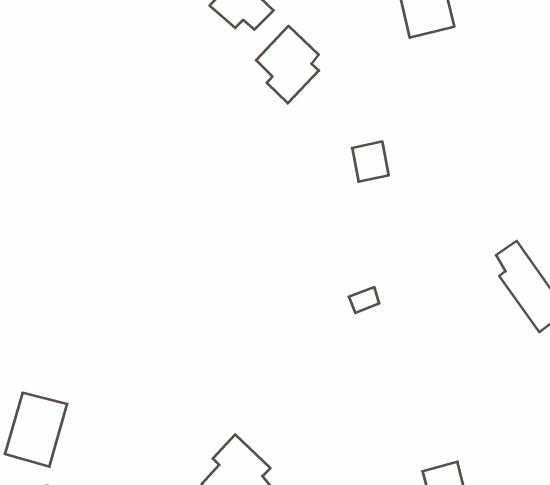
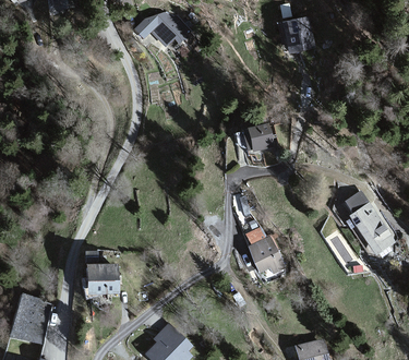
building: [256,26,319,103] -> none
building: none -> [248,240,285,275]
building: none -> [85,263,117,295]

